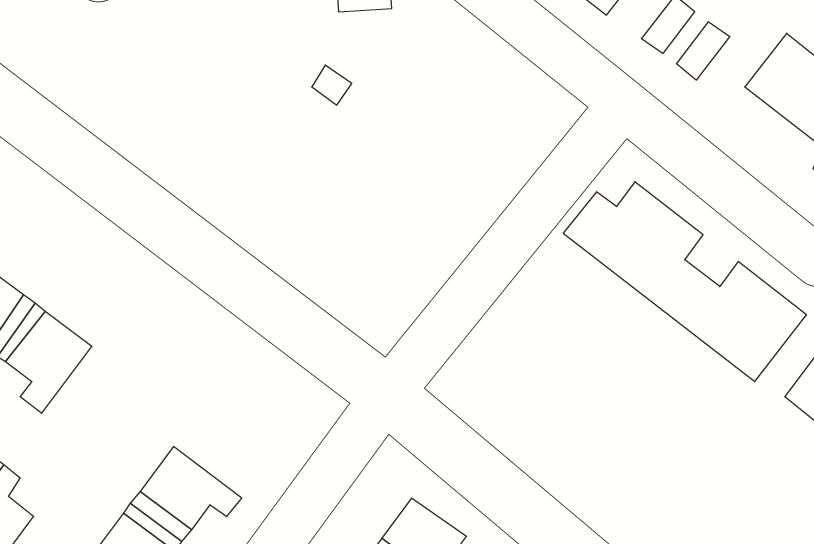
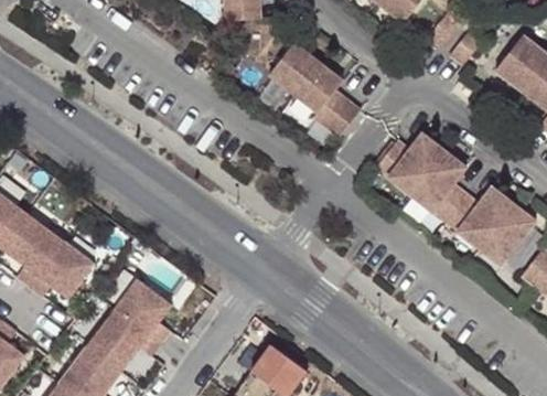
building: none -> [268,42,360,137]
building: none -> [29,242,92,298]
building: none -> [116,278,172,342]

